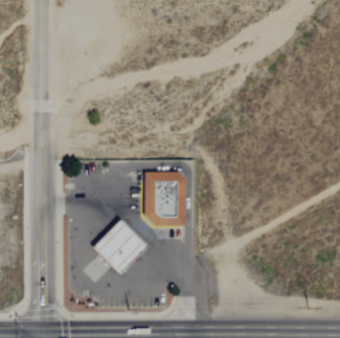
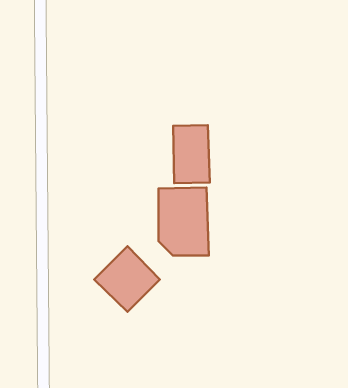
building: none -> [173,125,210,183]

